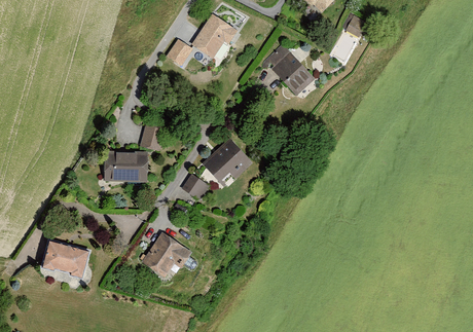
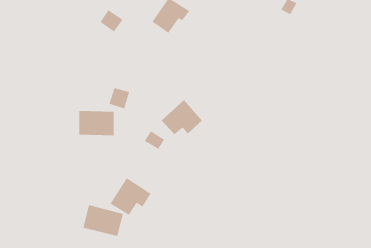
building: [166,40,194,68] -> [99,9,123,33]
building: [272,53,314,95] -> none
building: [40,238,89,278] -> [83,204,124,237]

